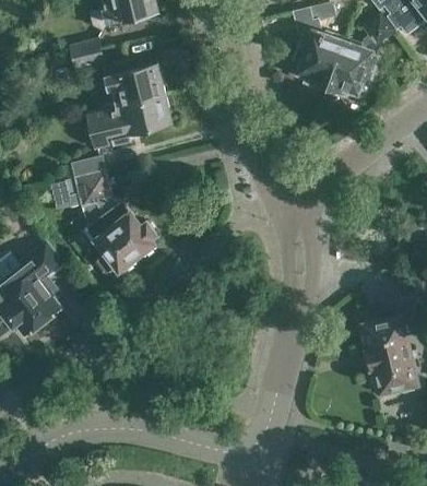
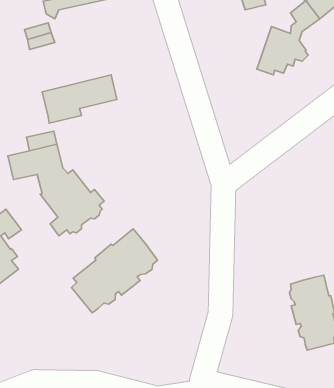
building: [292,35,342,88] -> none
building: [103,61,164,106] -> none
building: none -> [72,229,158,313]

